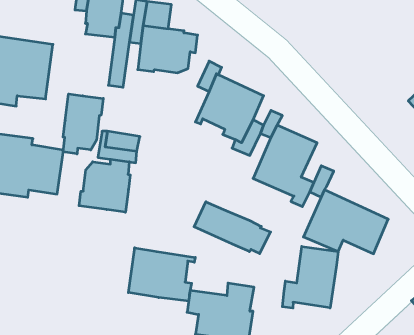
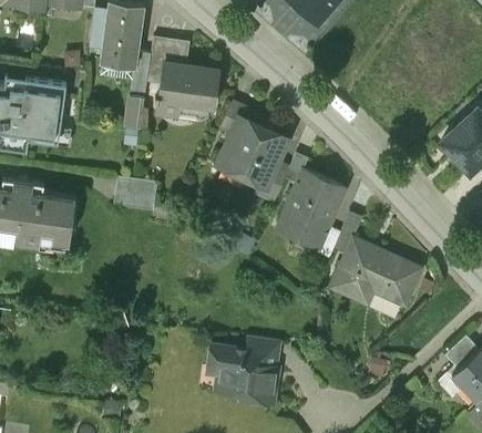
building: [63,94,103,154] -> none
building: [79,159,130,212] -> none
building: [194,202,271,254] -> none
building: [282,246,338,308] -> none
building: [128,248,195,301] -> none

